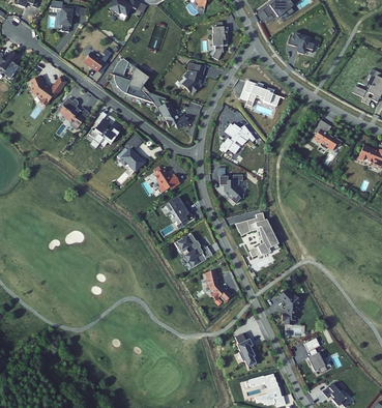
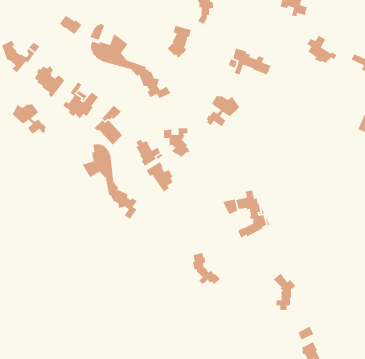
building: [314,120,343,147] -> [306,35,338,64]
building: none -> [12,103,47,135]
building: none -> [81,143,138,220]
building: [221,175,245,203] -> [163,127,190,158]
building: [176,233,213,268] -> none
building: [232,323,257,358] -> none

